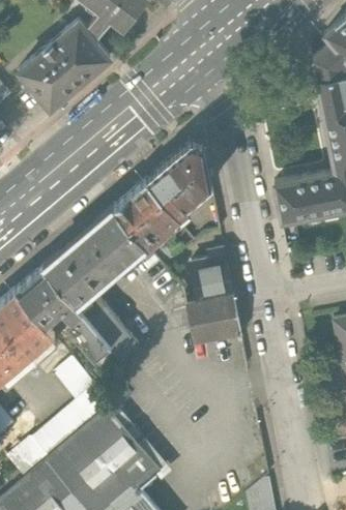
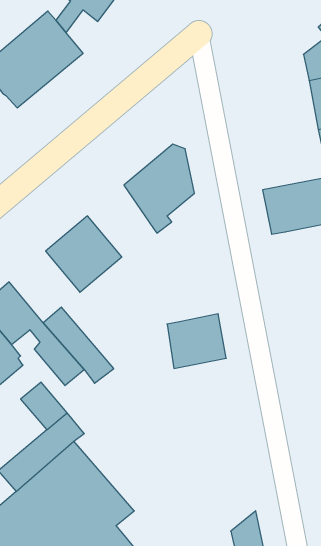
building: [115,179,178,247] -> none
building: [44,239,108,304] -> none
building: [192,251,234,303] -> none

